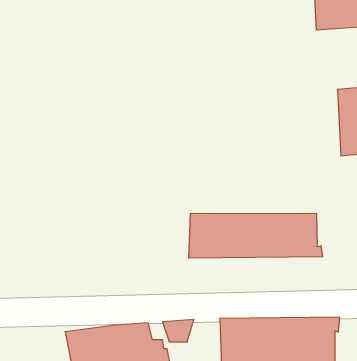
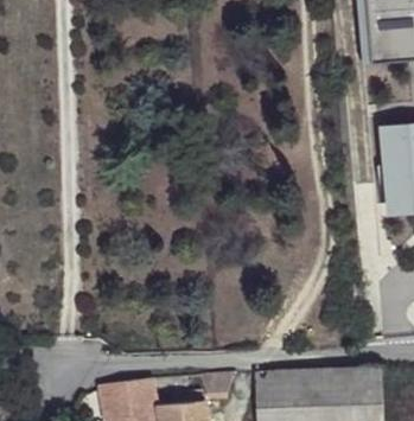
building: [189,213,322,258] -> none

